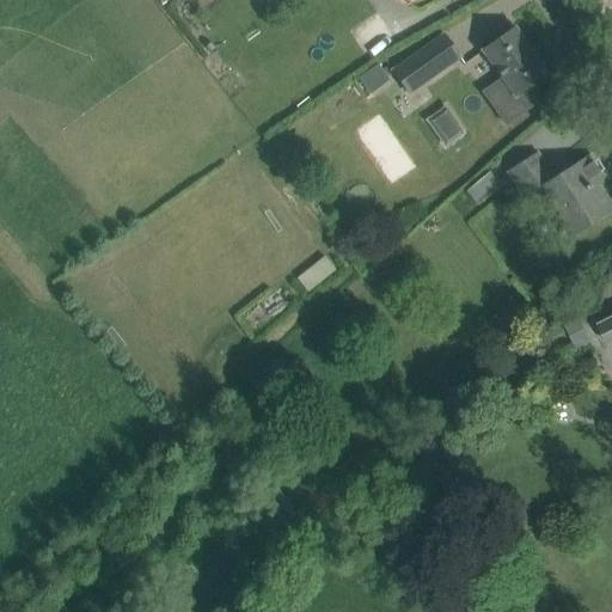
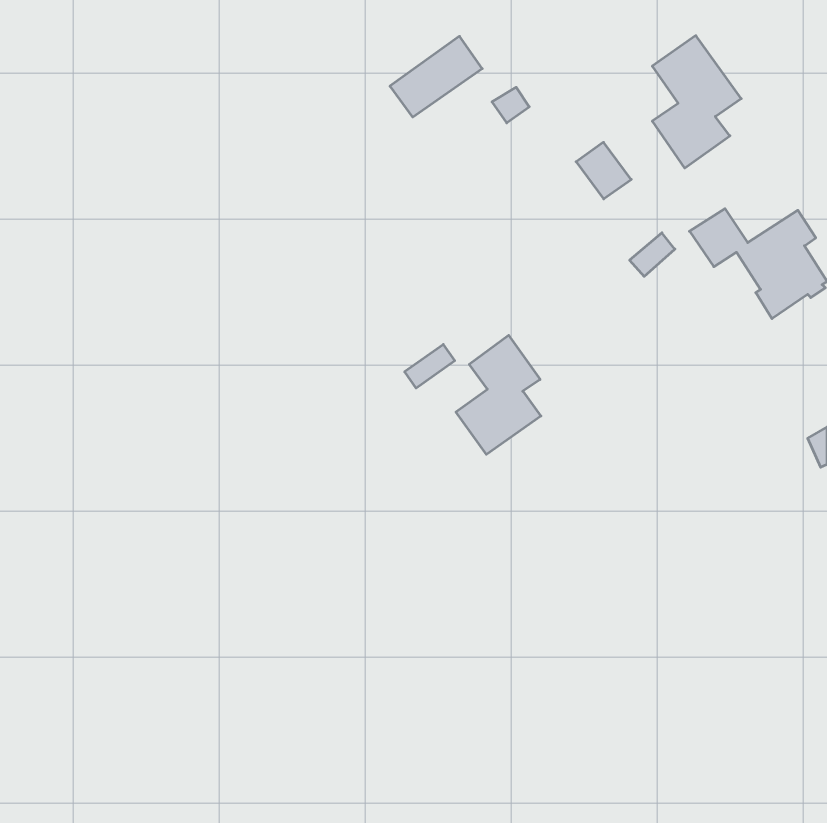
building: [392,32,460,92] -> [390,36,482,117]
building: none -> [456,335,541,454]

